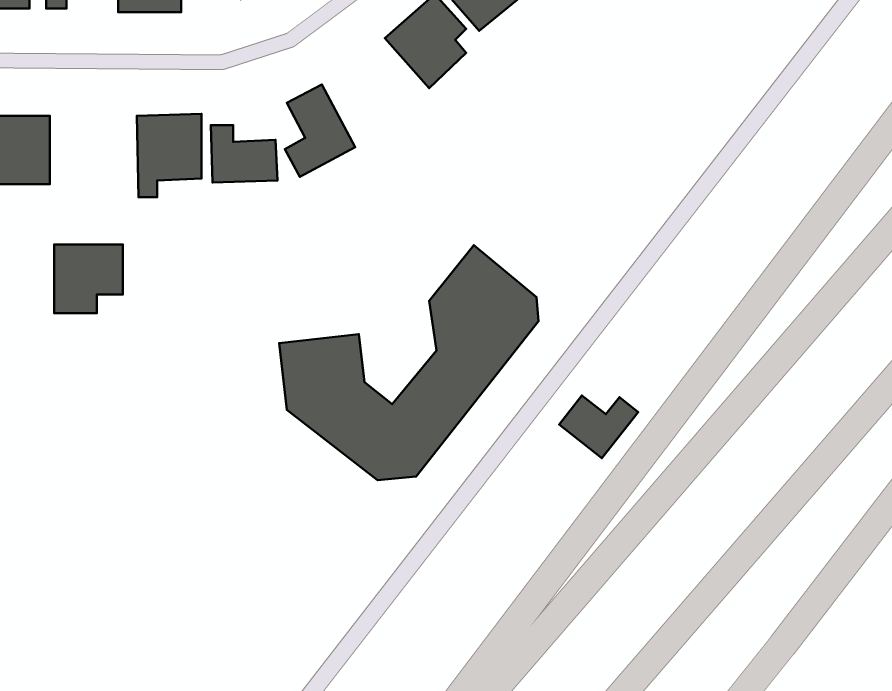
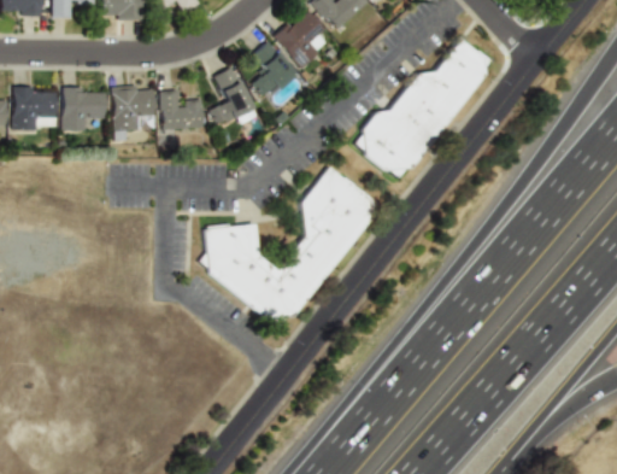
building: none -> [253,39,296,96]
building: none -> [364,41,487,174]
building: [54,245,123,313] -> [61,84,106,129]
building: [559,395,638,458] -> none

